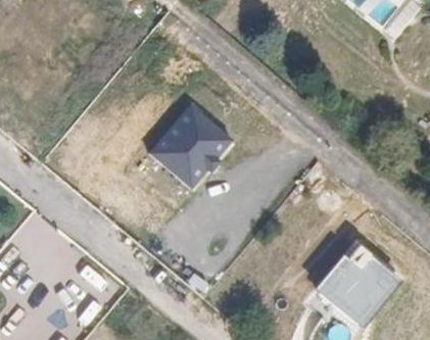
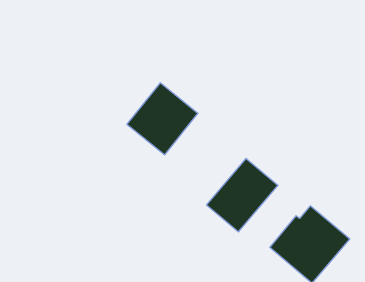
building: none -> [207,158,278,232]

